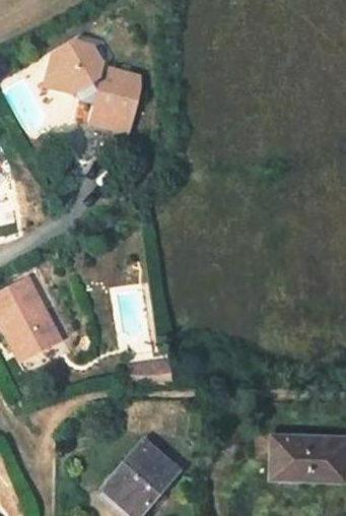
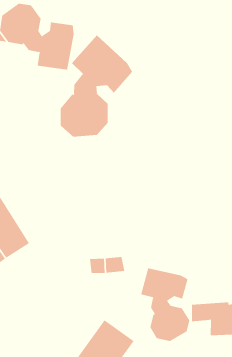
building: none -> [60,35,133,137]
building: none -> [141,268,190,342]

